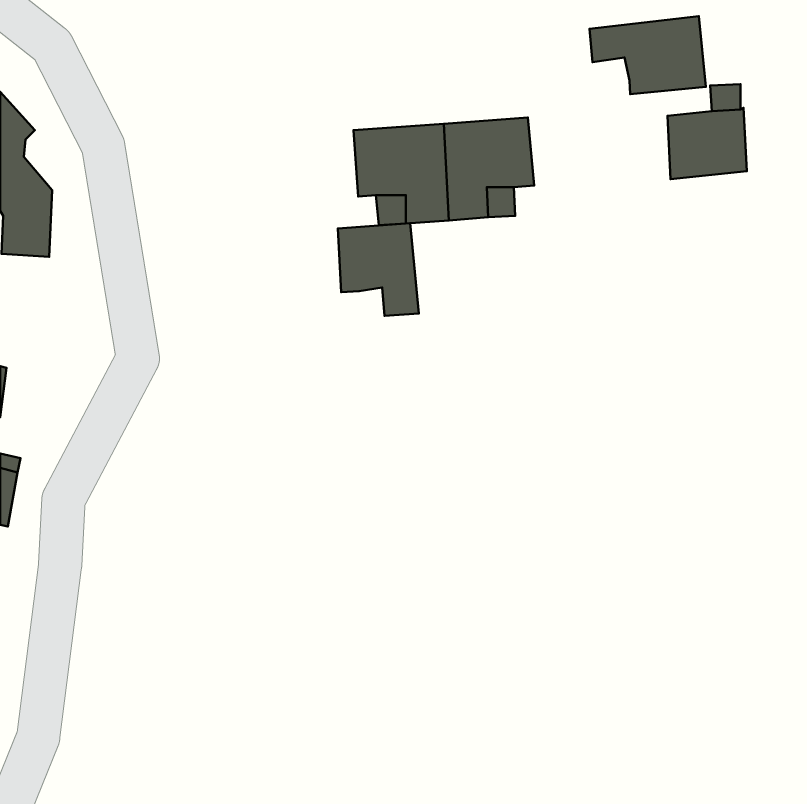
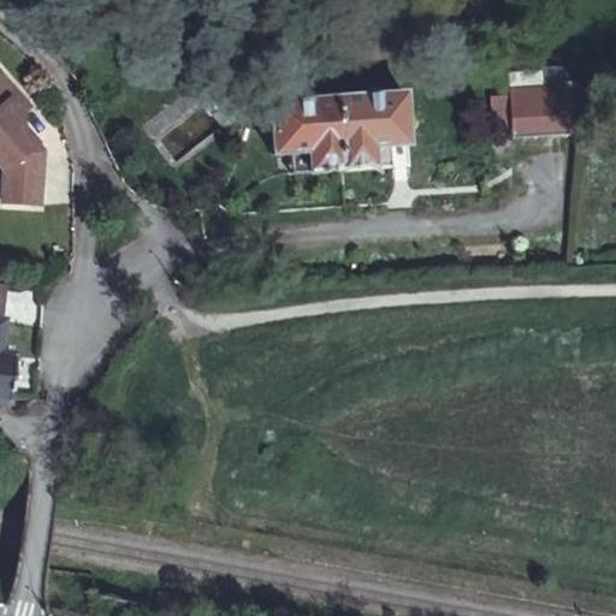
building: [589,16,706,94] -> none
building: [338,223,419,316] -> none

